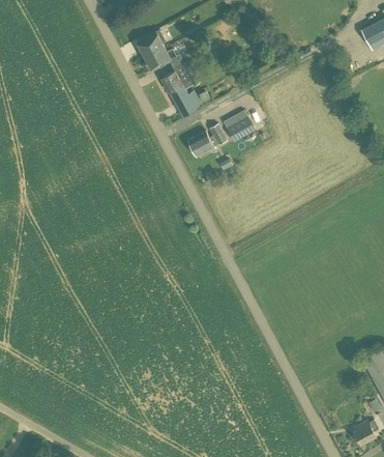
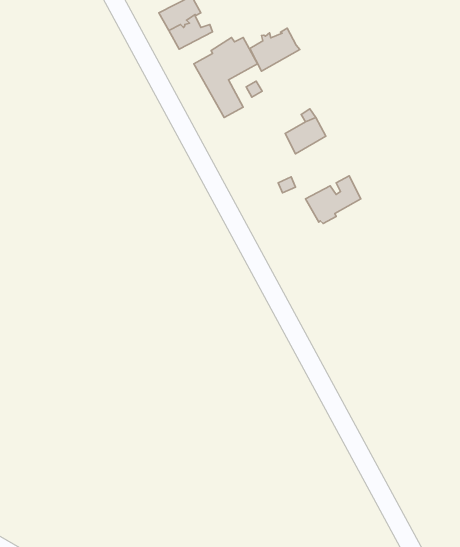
building: none -> [250,28,300,71]
building: [187,123,227,158] -> [306,176,361,224]

